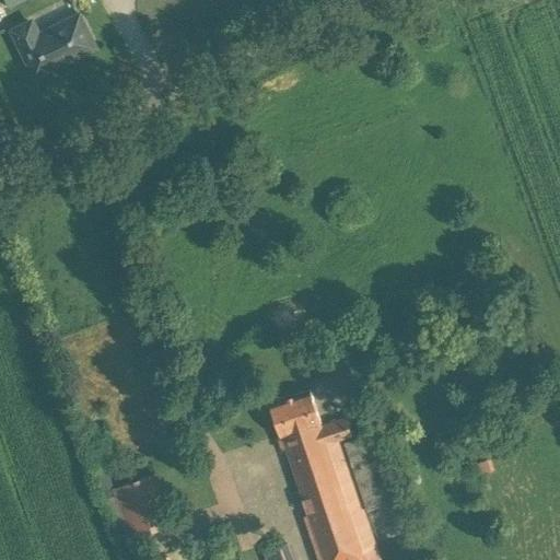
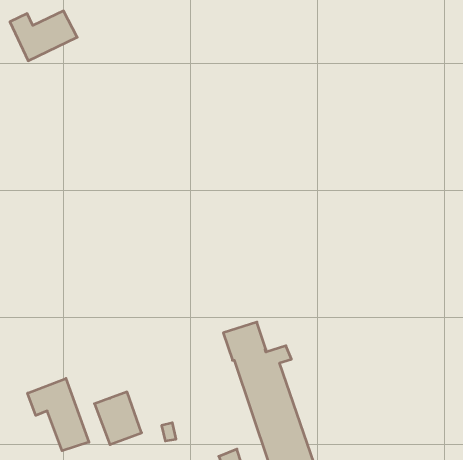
building: none -> [28,378,89,451]

